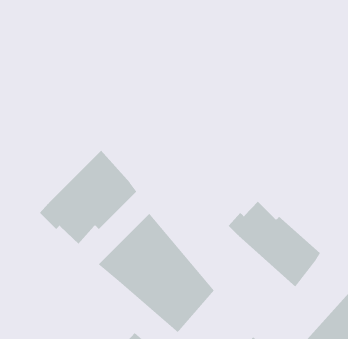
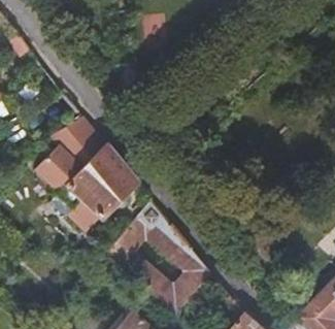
building: none -> [35,118,106,193]
building: [228,201,321,288] -> none

